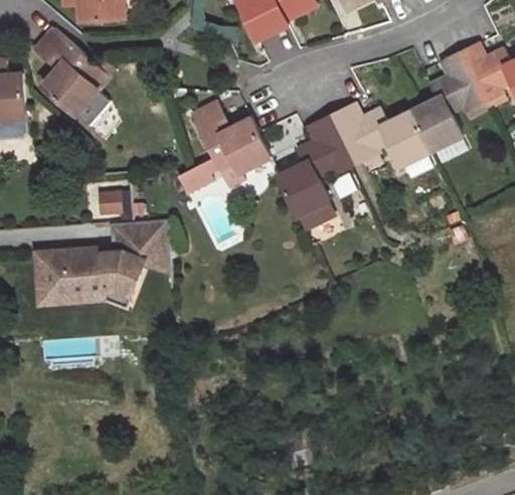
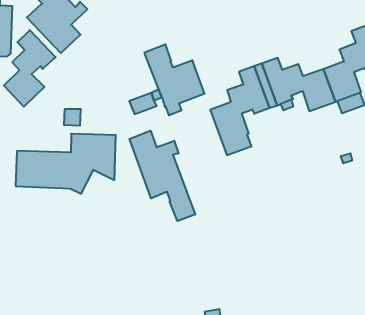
building: none -> [4,30,56,107]
building: none -> [129,131,195,221]
building: [34,251,130,307] -> none

